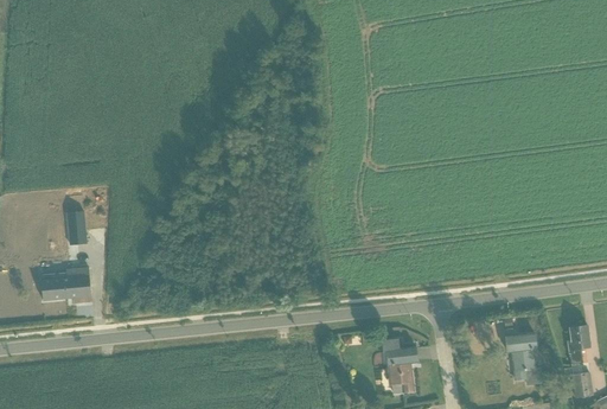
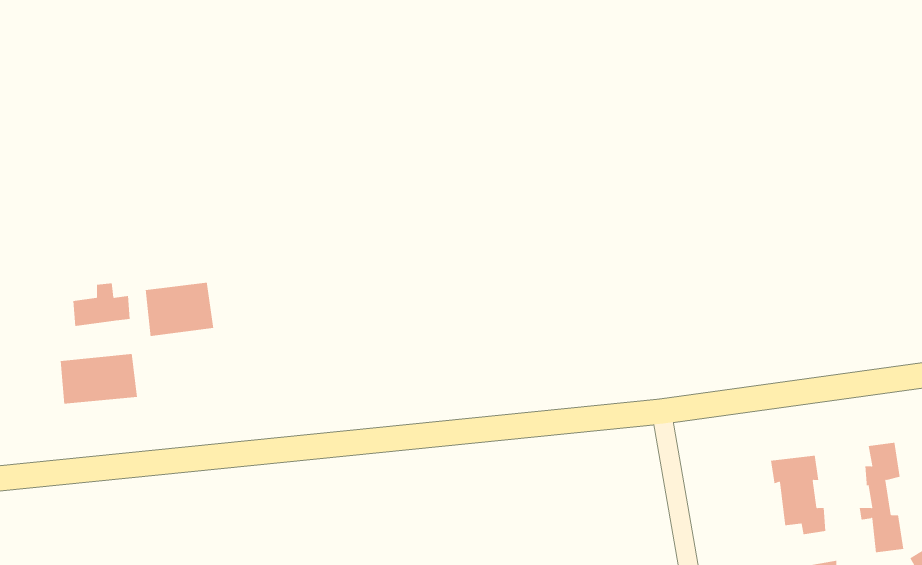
building: none -> [145,282,214,337]
building: [382,340,417,394] -> none

